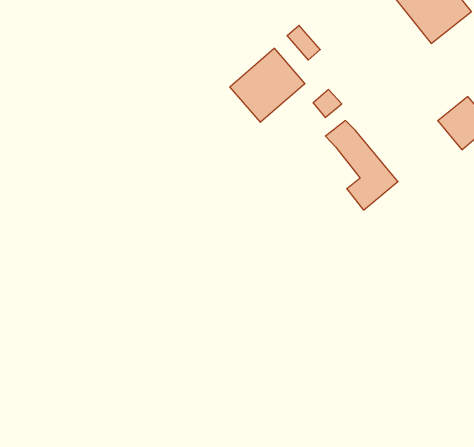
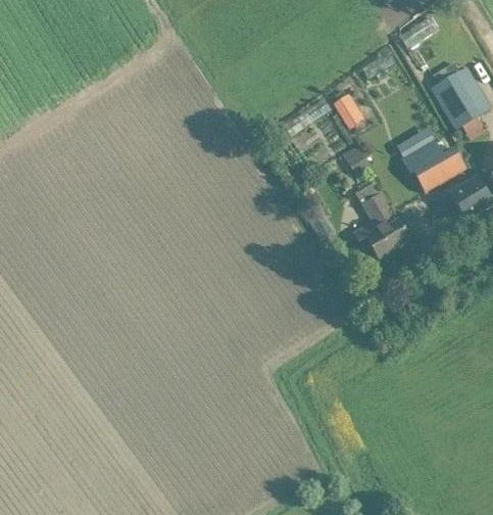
building: [230,48,305,122] -> none
building: none -> [404,133,464,191]

